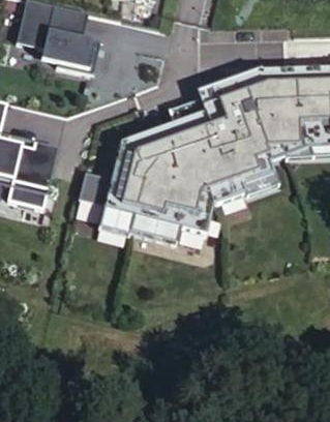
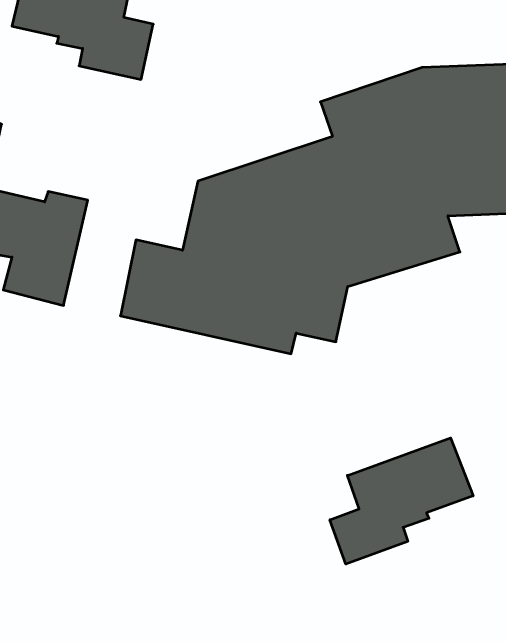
building: none -> [330,438,473,564]

